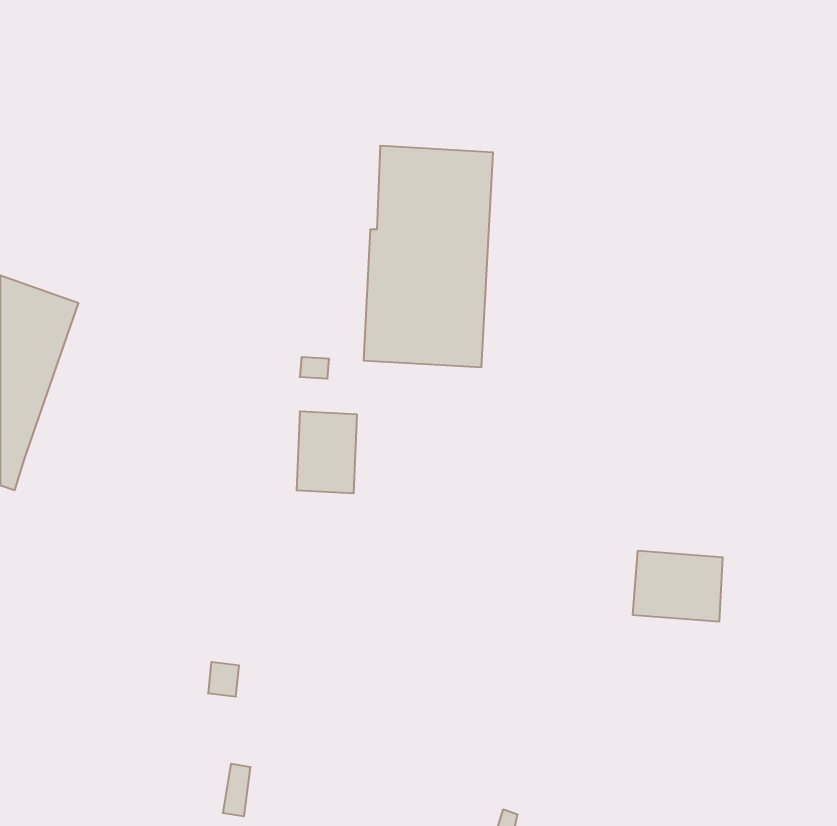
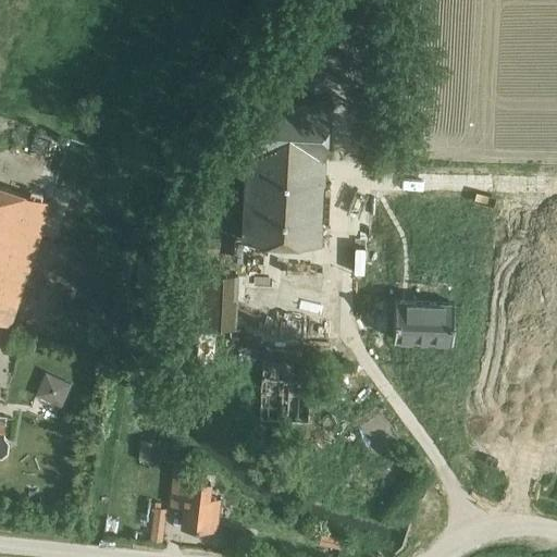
building: [633,551,723,621] -> [394,304,454,350]
building: none -> [35,380,71,413]
building: none -> [171,484,213,536]

